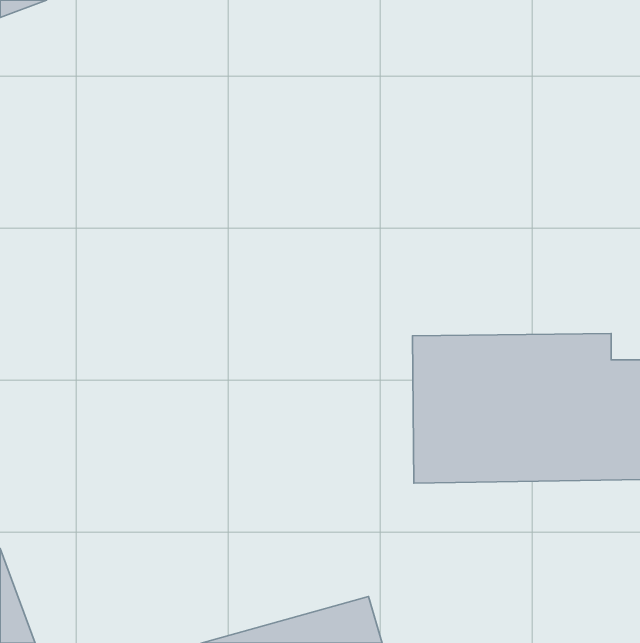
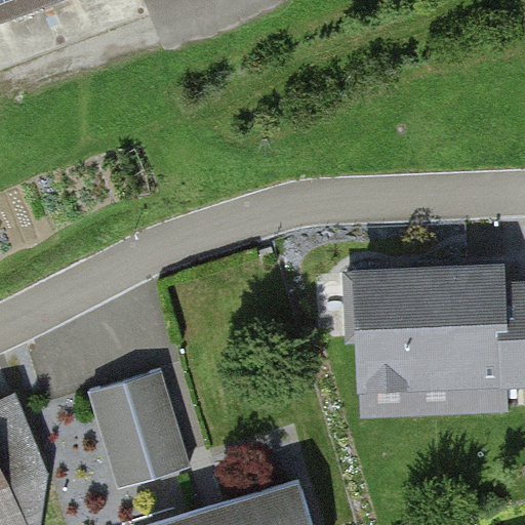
building: none -> [89,364,209,483]

